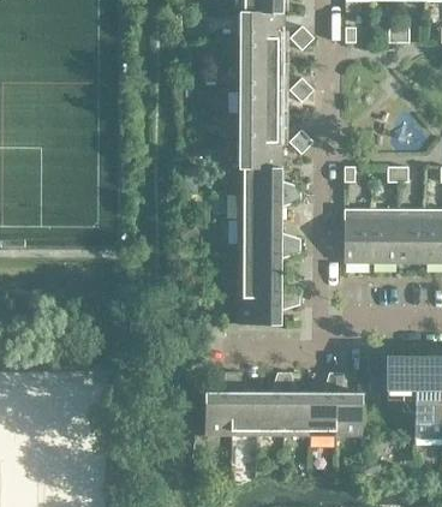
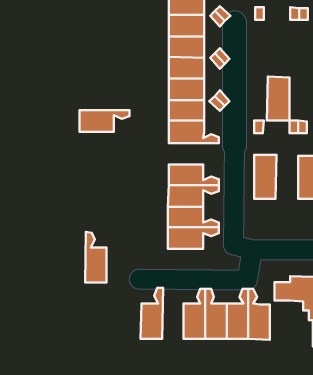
building: [239,193,300,220] -> [80,110,130,132]
building: [370,208,398,262] -> [267,77,289,121]
building: [231,371,257,434] -> [85,232,107,283]

